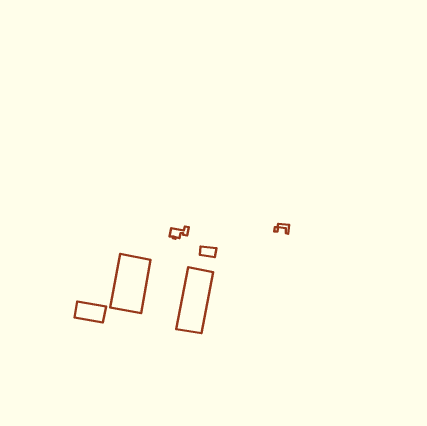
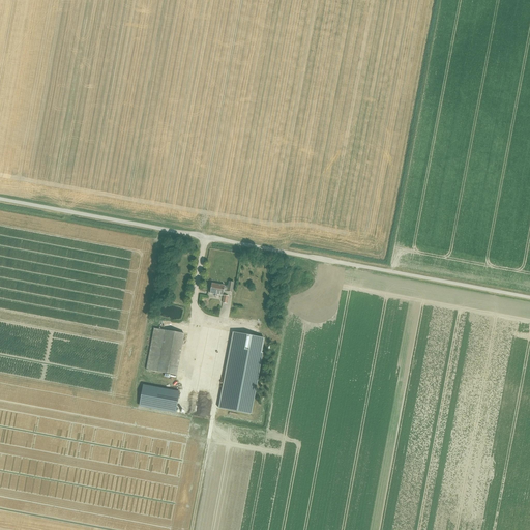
building: [75,302,106,322] -> [140,385,179,411]

